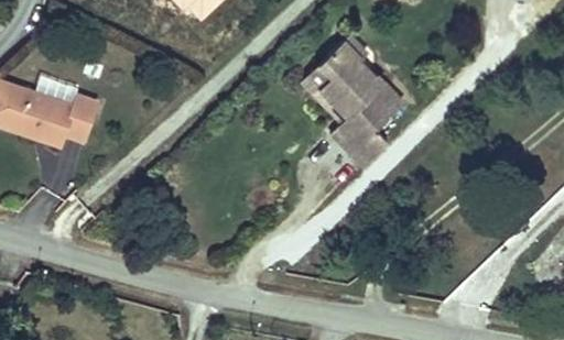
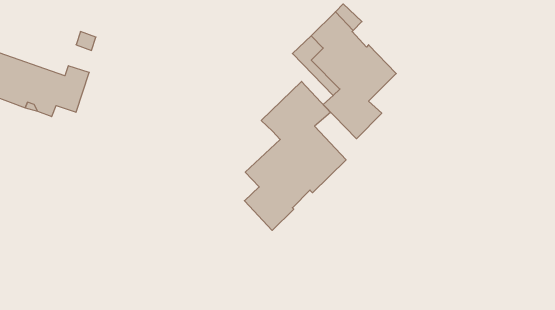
building: none -> [244,81,346,230]

